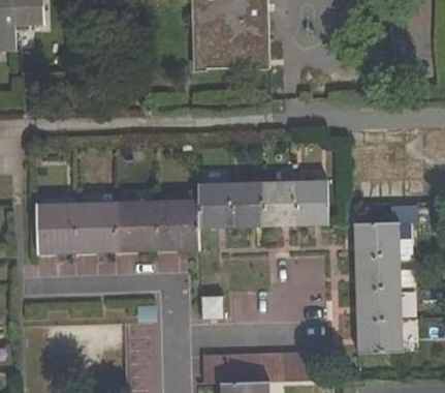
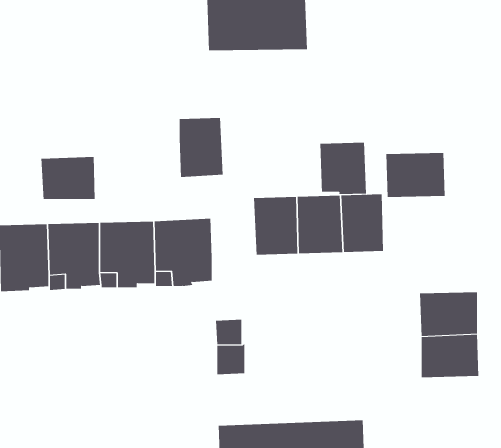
building: none -> [320,142,366,195]
building: none -> [41,156,95,200]
building: [197,183,231,229] -> [179,118,224,178]
building: [354,221,400,255] -> [386,153,446,198]
building: [356,319,402,353] -> none

